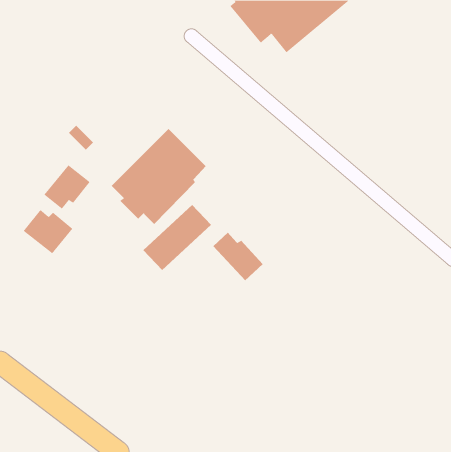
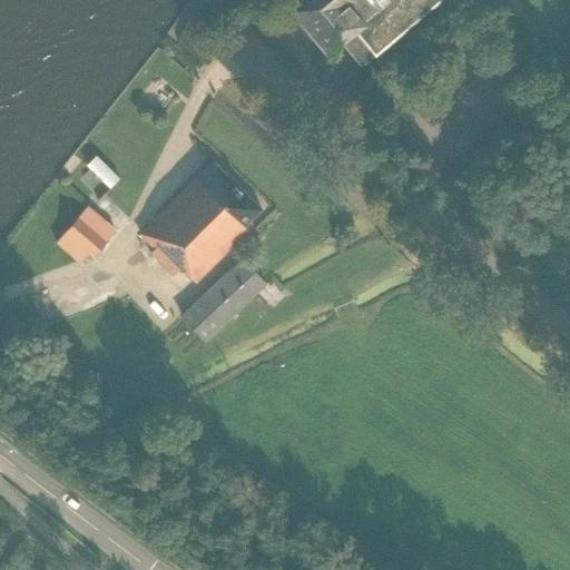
building: [23,209,73,254] -> none
building: [212,232,263,281] -> none

